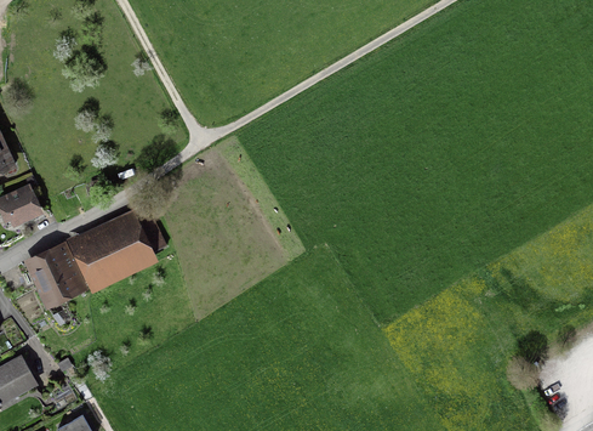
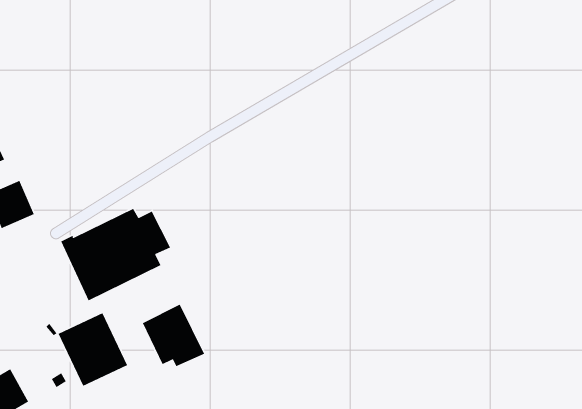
building: [23,242,87,310] -> [57,312,128,387]
building: none -> [142,303,205,367]

